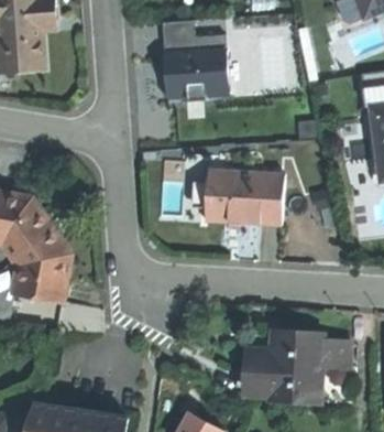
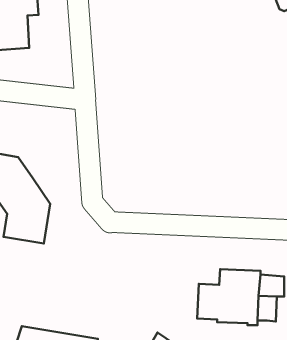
building: [162,21,228,101] -> none
building: [205,170,282,229] -> none

